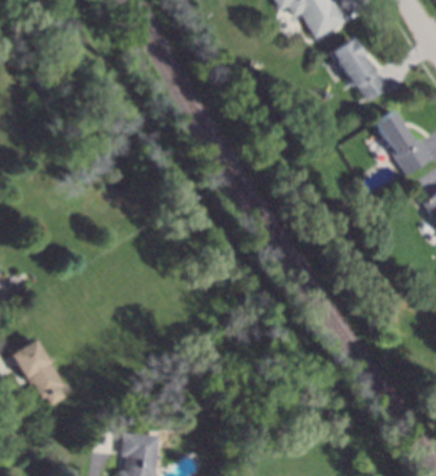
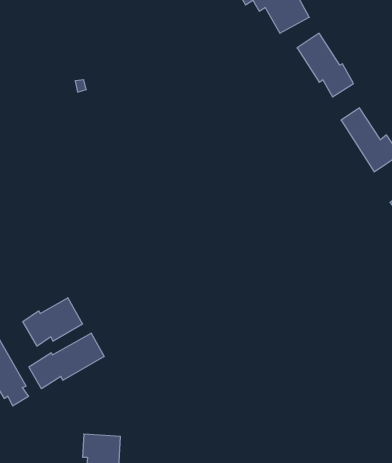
building: none -> [23,298,83,346]
building: none -> [29,333,104,389]

